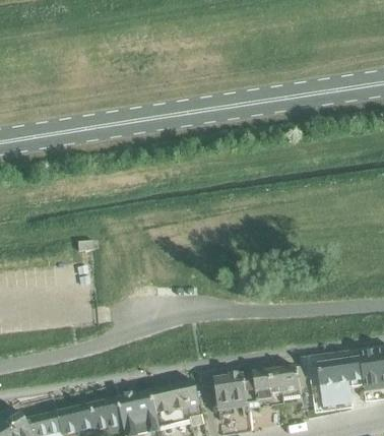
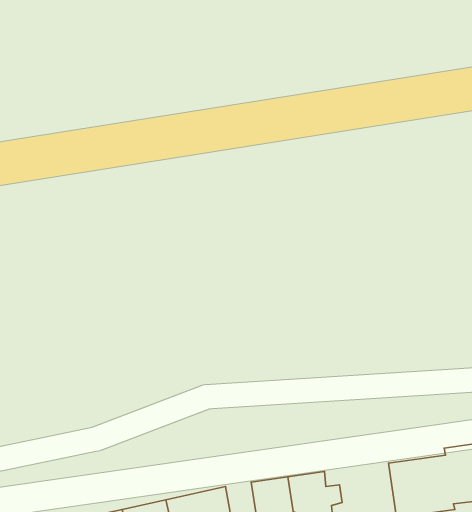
building: [268,366,305,394] -> none

